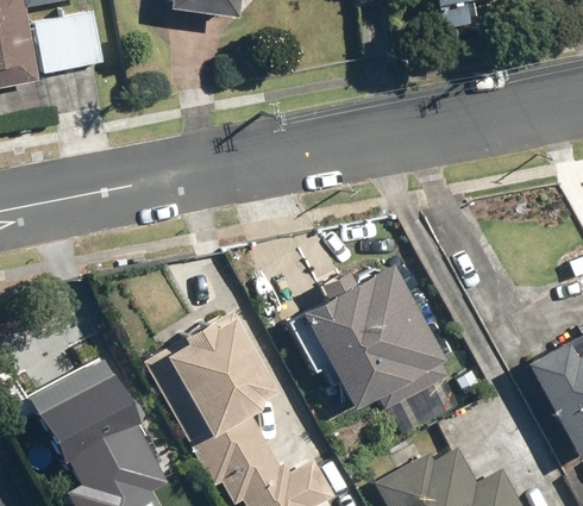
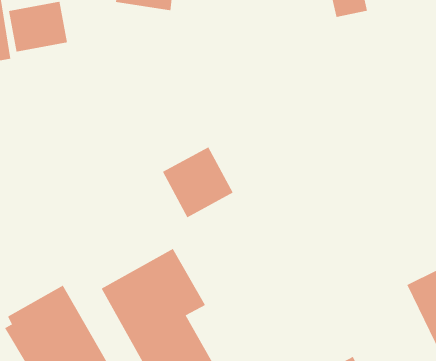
building: none -> [162,146,233,218]
building: [283,266,450,431] -> none

